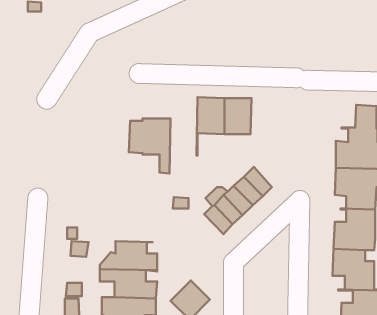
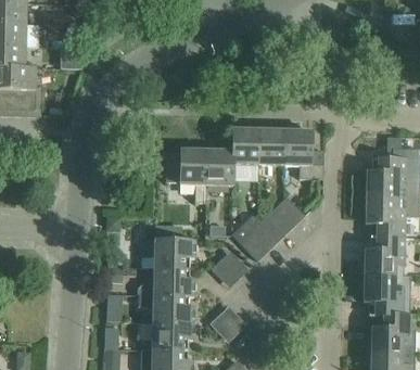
building: none -> [205,128,232,202]
building: none -> [283,129,323,178]
building: none -> [139,240,194,268]
building: none -> [211,250,247,286]

